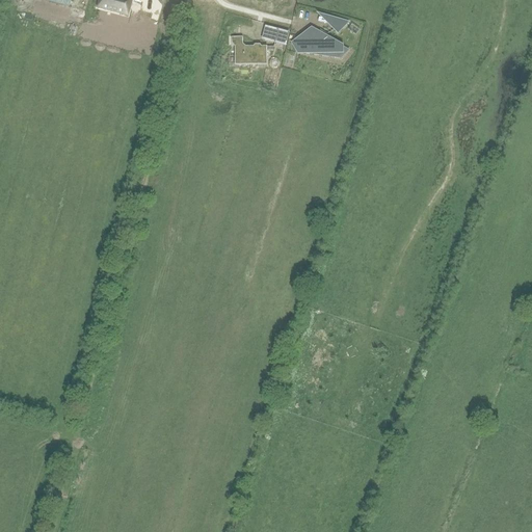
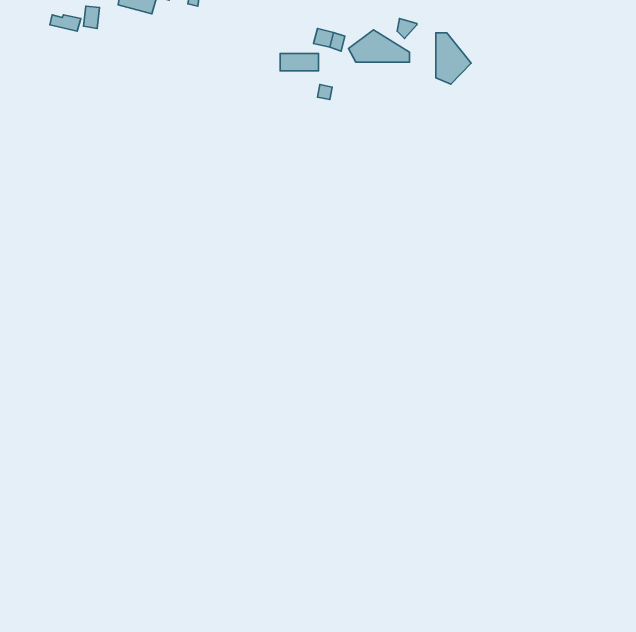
building: none -> [436,33,471,84]

